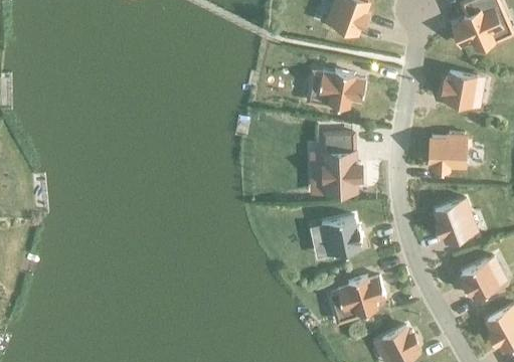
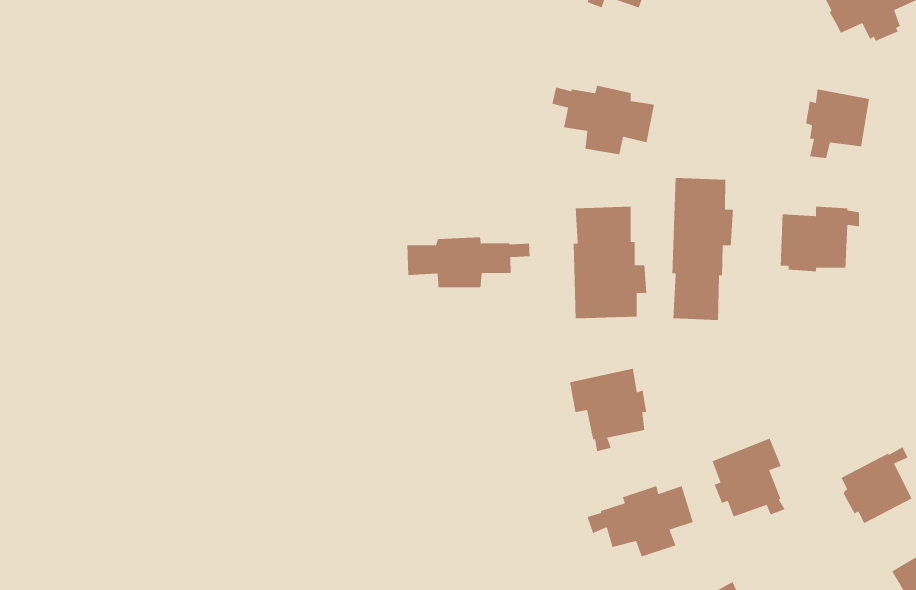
building: none -> [672,177,734,321]
building: none -> [407,236,531,288]
building: [434,201,472,242] -> [712,437,786,517]

